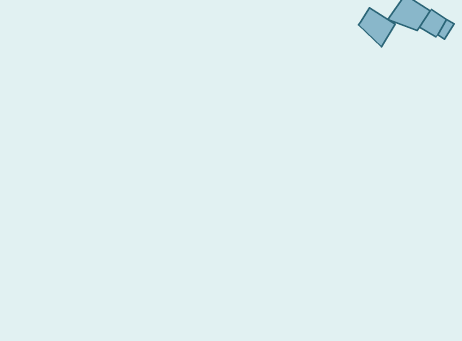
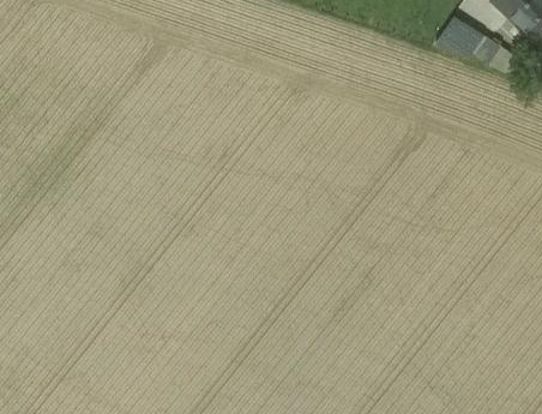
building: [359,8,395,47] -> none

